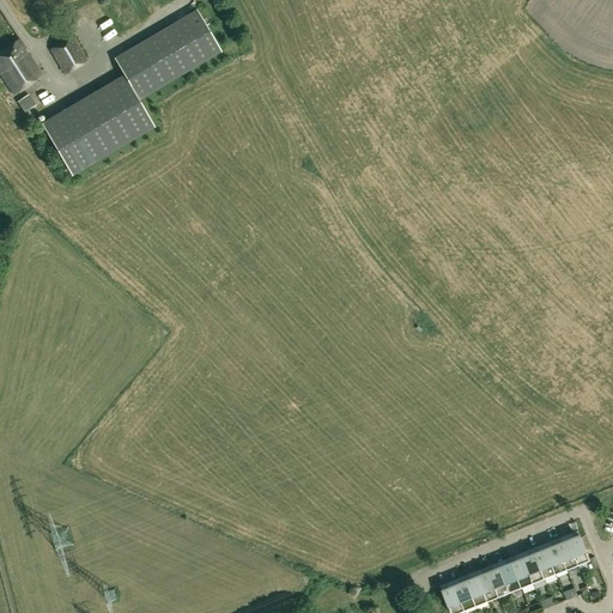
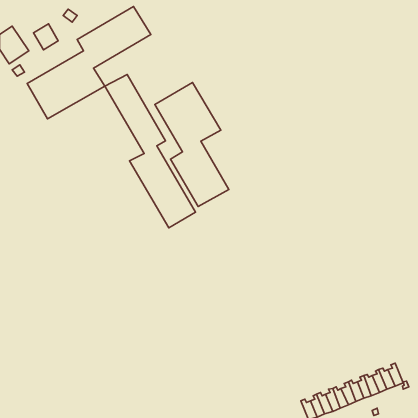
building: none -> [105,74,196,228]
building: none -> [155,83,229,207]

